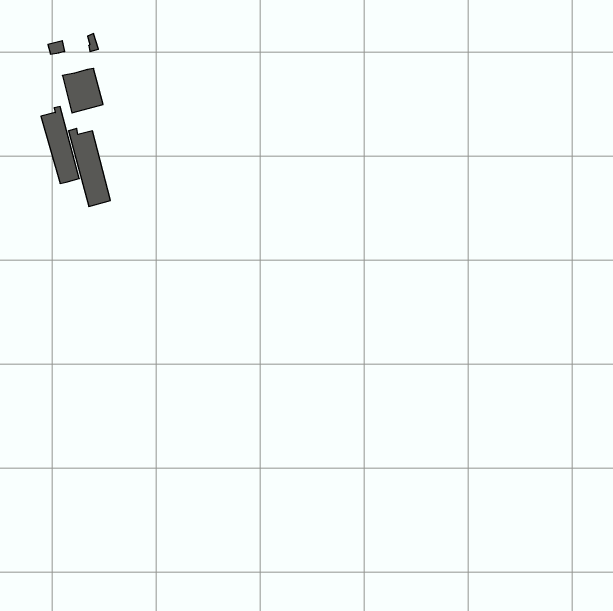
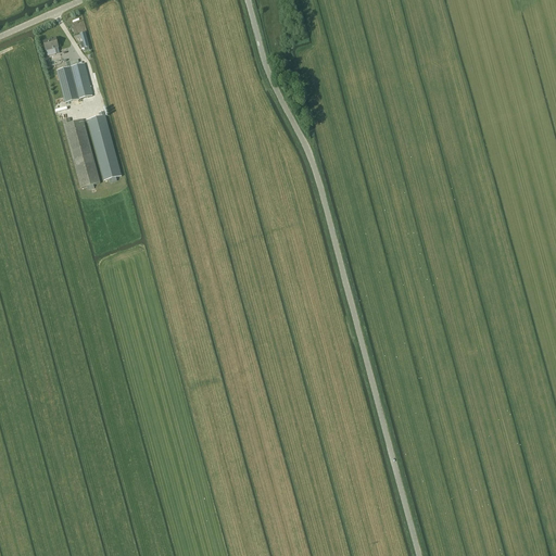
building: [41,107,79,183] -> [87,110,122,179]

